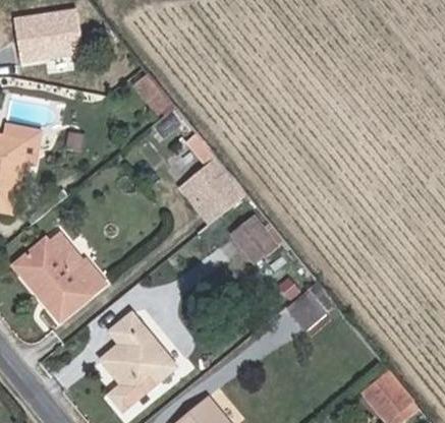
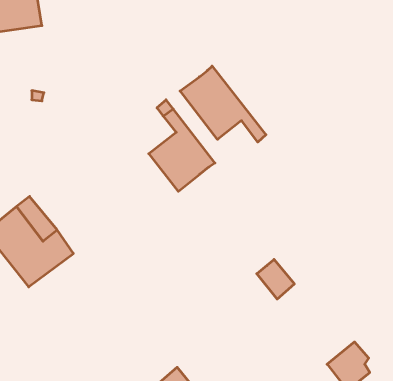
building: none -> [180,66,266,142]
building: [239,217,288,265] -> none
building: [102,309,176,406] -> none

